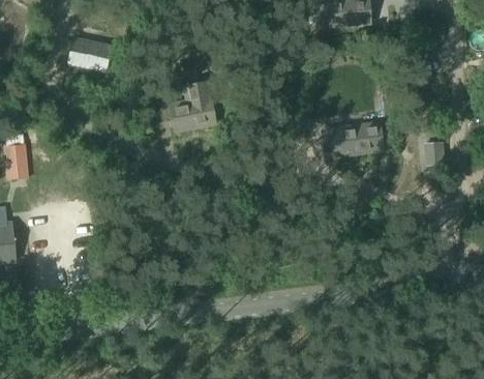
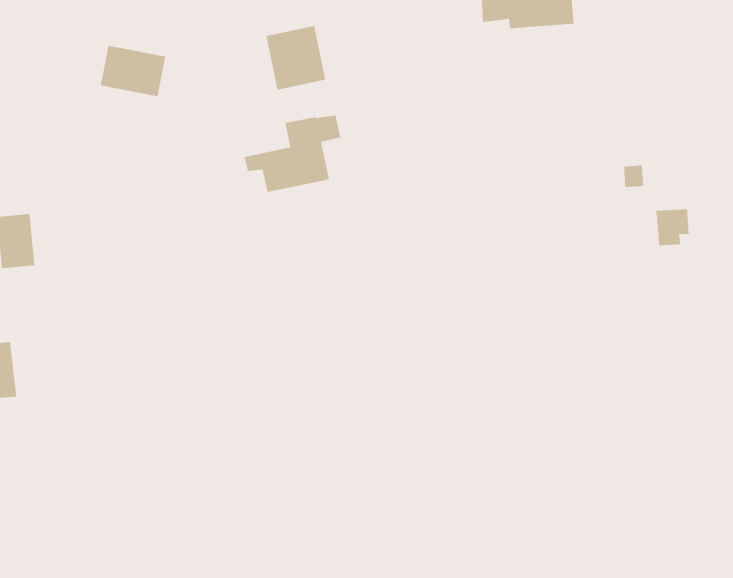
building: none -> [266,25,326,90]
building: [323,121,383,155] -> none

